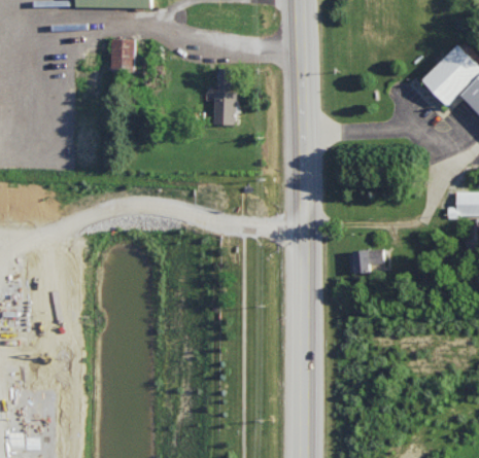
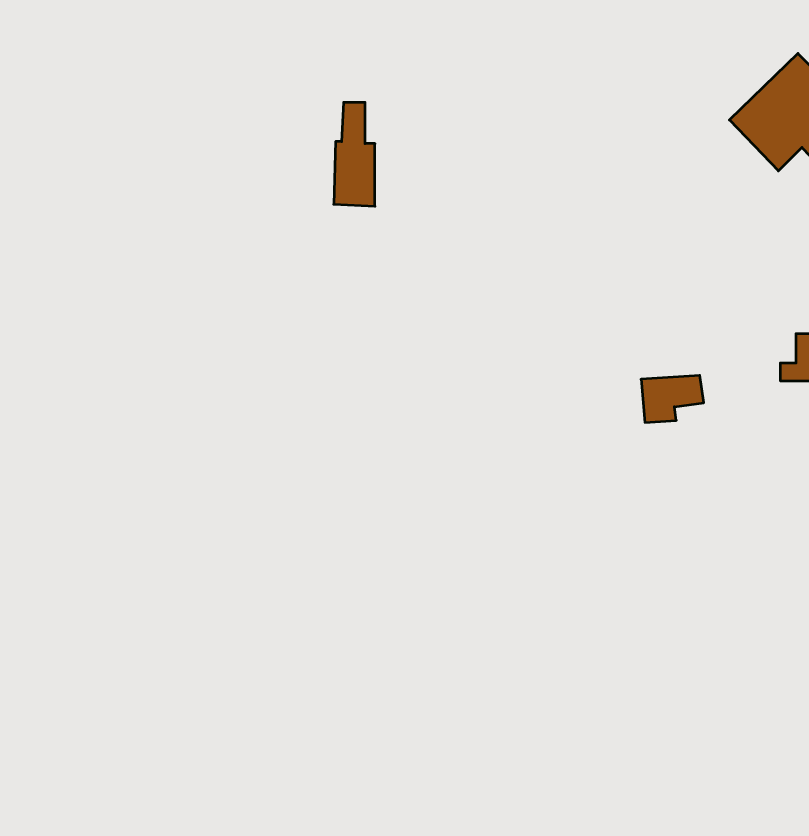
building: [111,38,135,72] -> none
building: [352,248,385,273] -> [641,375,704,422]

